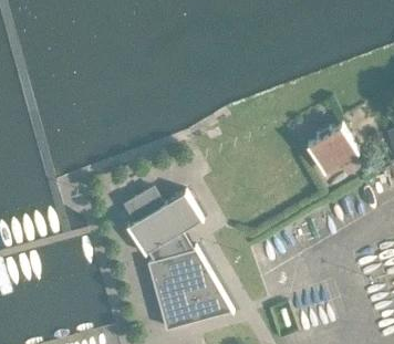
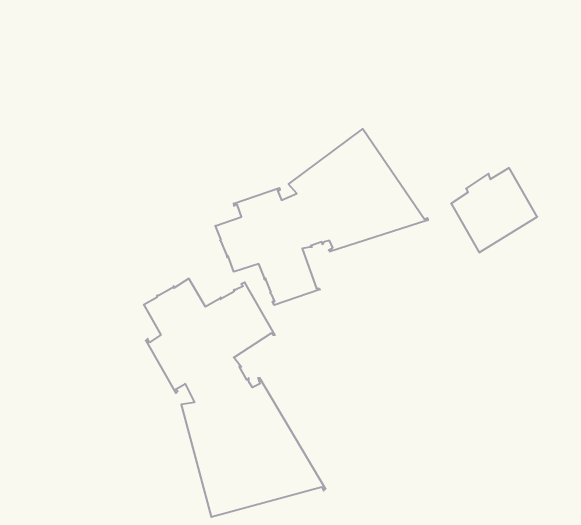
building: none -> [215,129,428,305]

